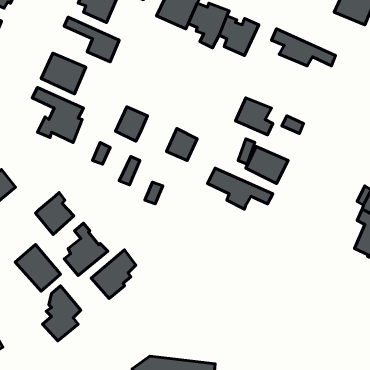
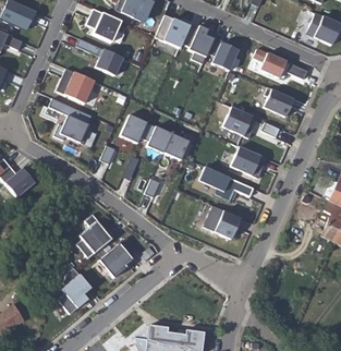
building: none -> [264,87,294,117]
building: none -> [141,122,172,154]
building: [35,193,74,234] -> none
building: none -> [204,206,241,239]
building: [15,245,61,291] -> none

